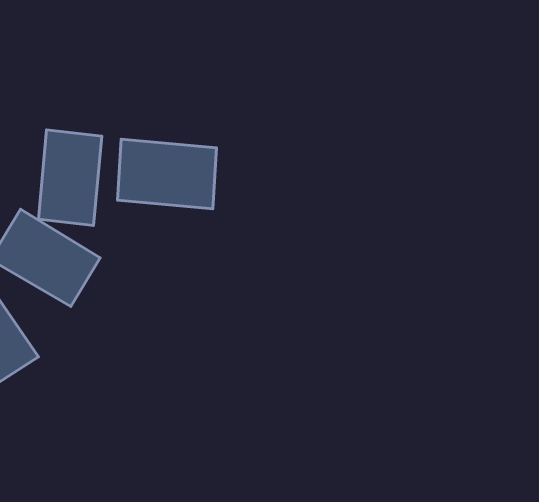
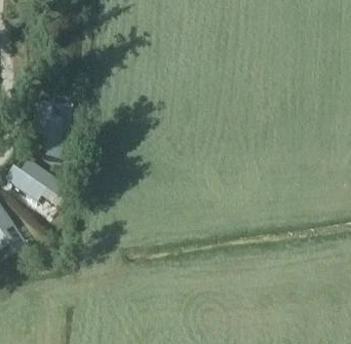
building: [118,139,217,209] -> none

